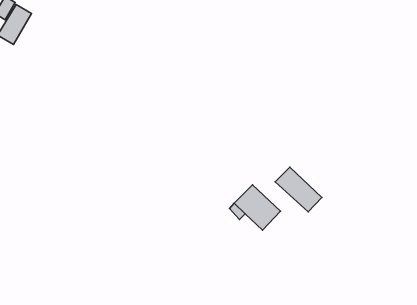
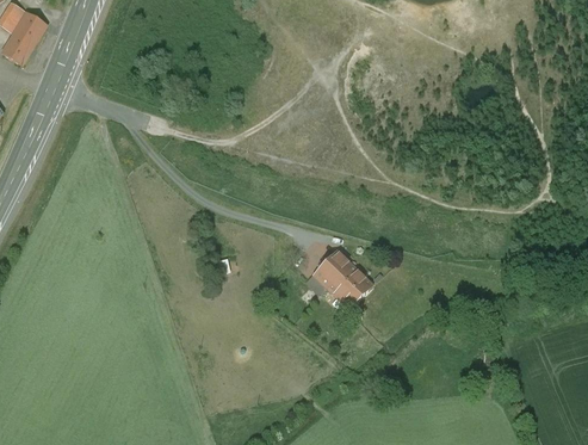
building: [275,167,322,212] -> none

